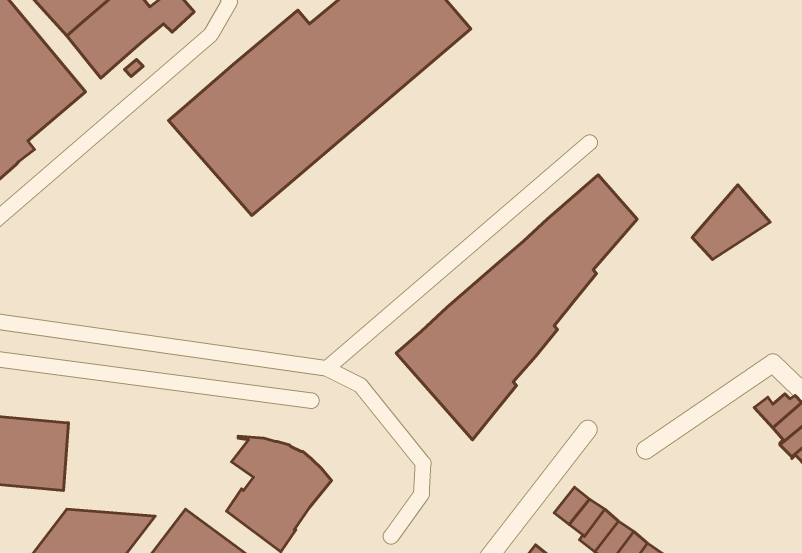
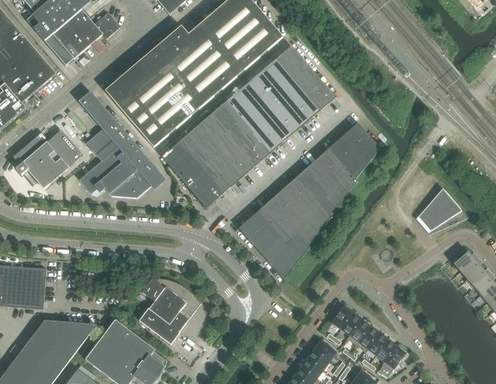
building: none -> [161,46,335,208]
building: none -> [78,91,162,198]
building: [692,185,770,259] -> [415,188,461,232]
building: none -> [12,130,82,188]

